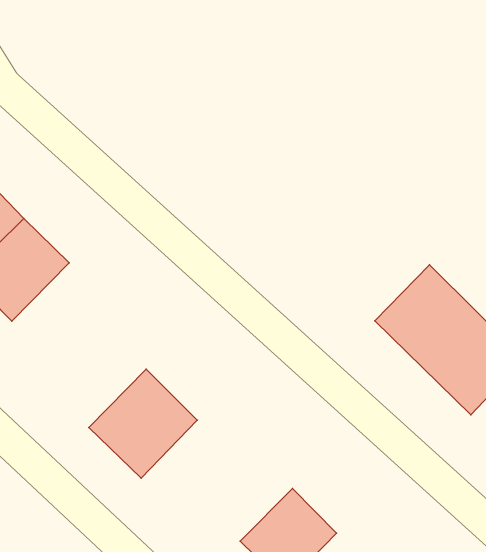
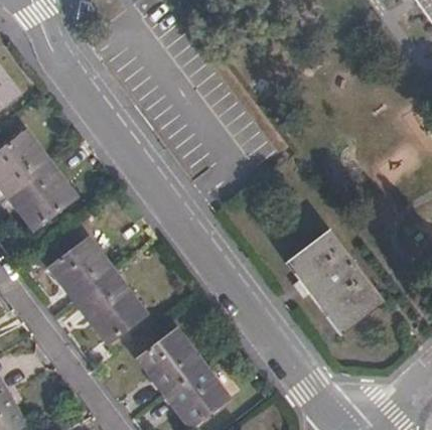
building: none -> [50,234,122,303]
building: none -> [139,329,205,395]

